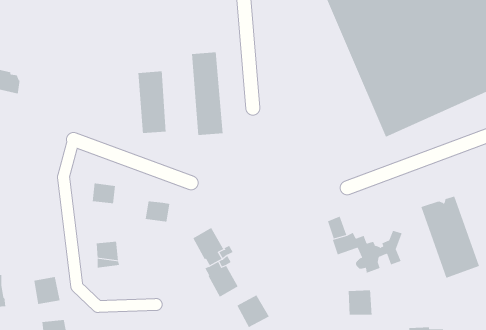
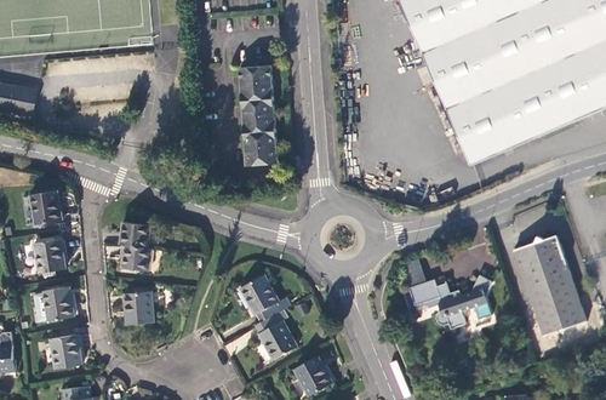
building: [138,71,166,134] -> none
building: none -> [29,190,59,224]
building: none -> [33,239,64,273]
building: [145,201,170,222] -> [120,245,150,270]
building: none -> [41,287,73,321]
building: [348,289,372,316] -> none

